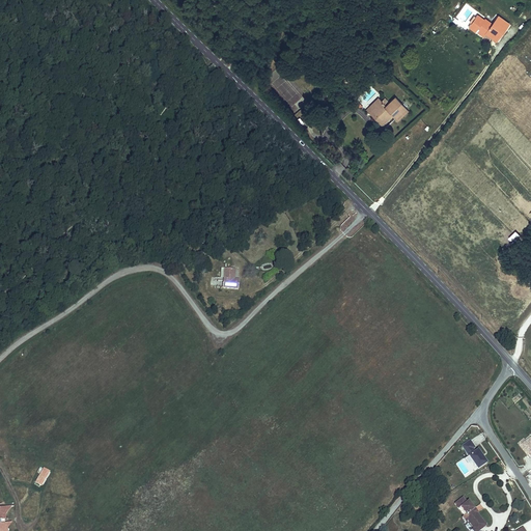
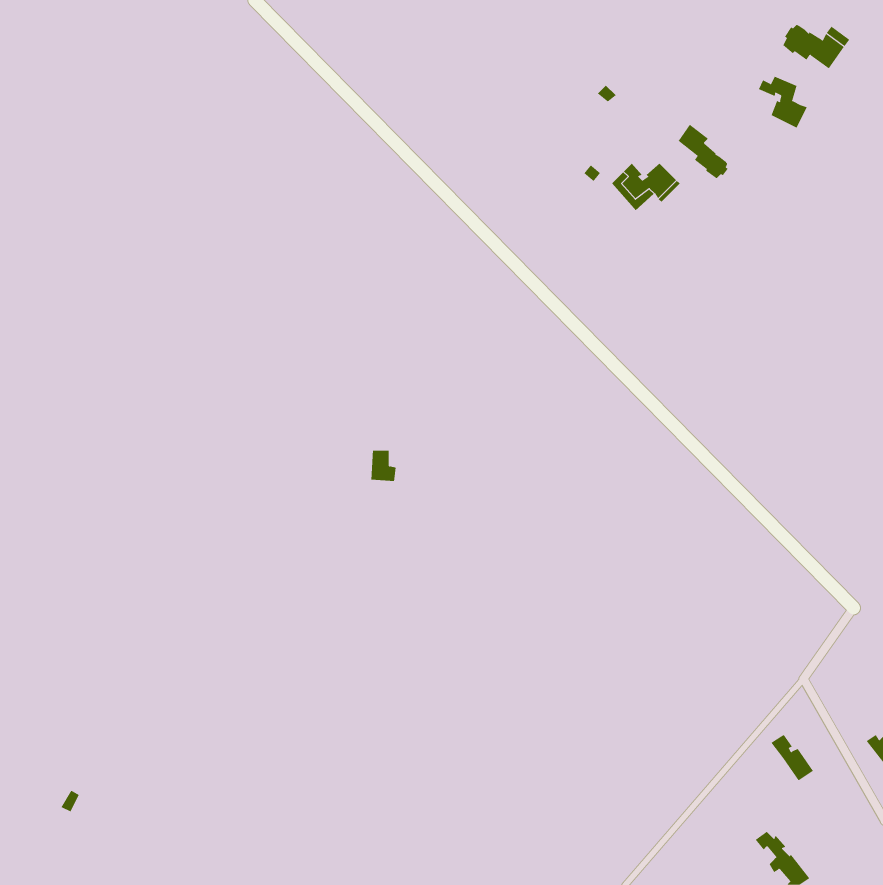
building: none -> [758,76,807,128]
building: none -> [678,124,729,179]

